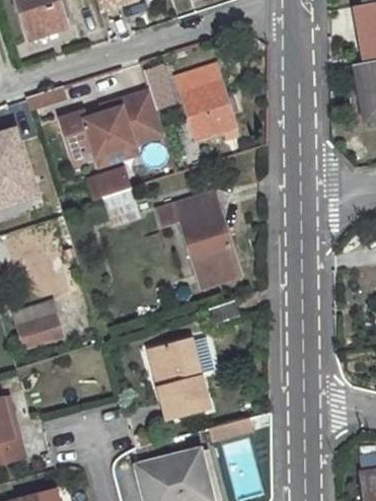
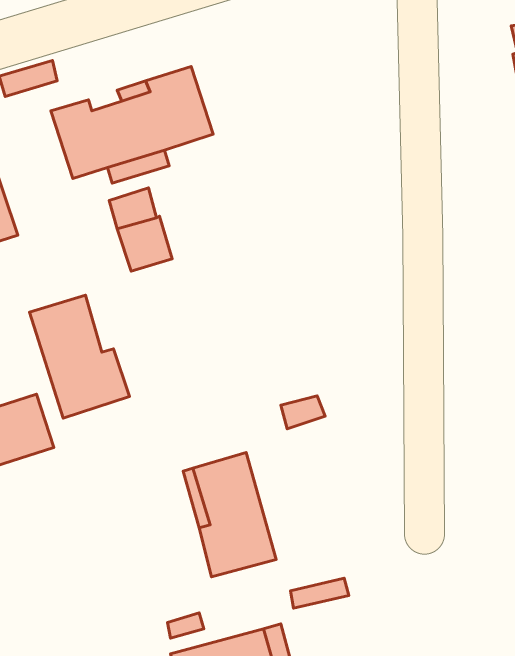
building: [176,65,238,139] -> none
building: [157,193,239,287] -> none
building: none -> [30,295,130,418]

